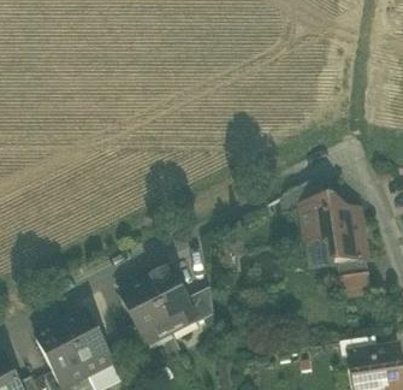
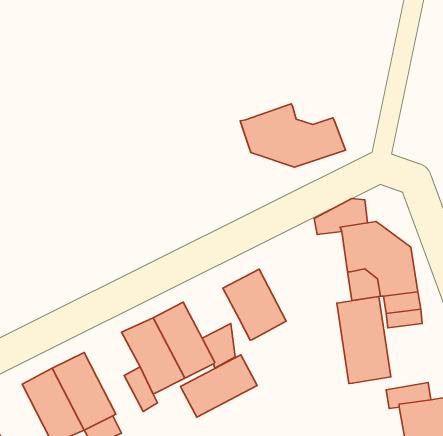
building: none -> [240,104,346,167]
building: none -> [223,269,286,340]
building: none -> [337,297,391,384]
building: none -> [180,355,257,417]

